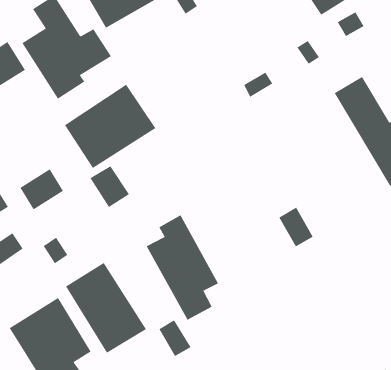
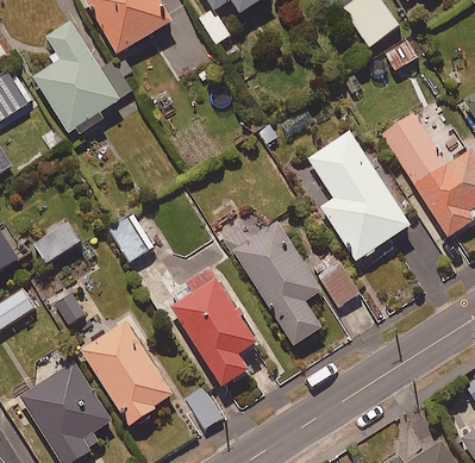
building: [64,84,156,169] -> none
building: none -> [307,131,410,261]
building: none -> [221,211,321,346]

